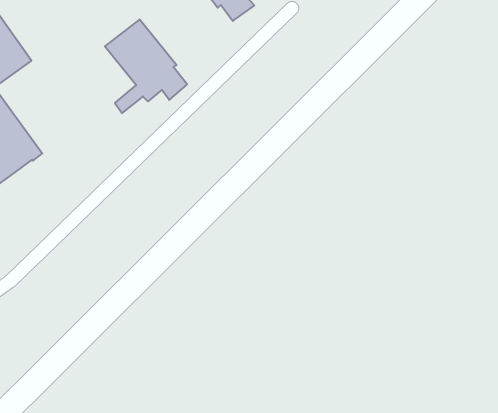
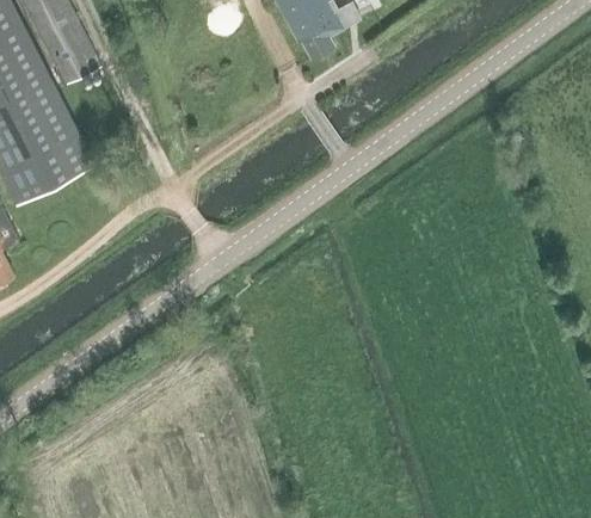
building: [105,19,187,113] -> none

